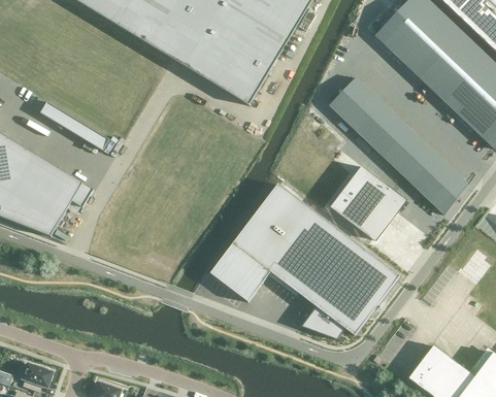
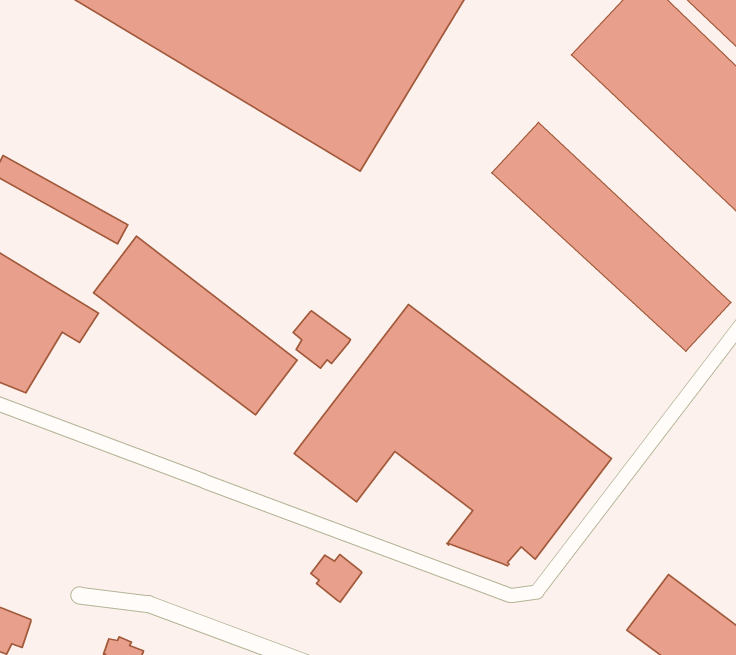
building: none -> [93,236,297,415]
building: [330,165,407,238] -> none
building: none -> [293,311,351,368]
building: none -> [311,554,362,602]

